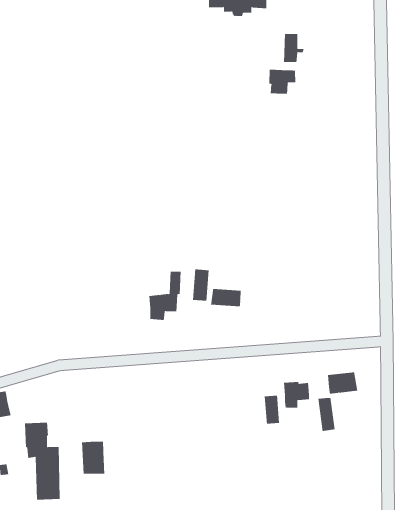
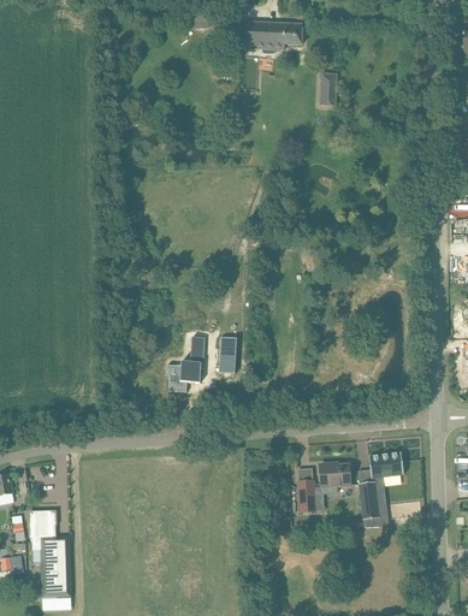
building: [269,69,297,95] -> none
building: [211,288,241,307] -> none
building: [82,441,105,474] -> none

